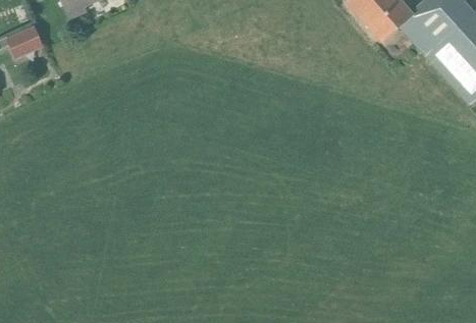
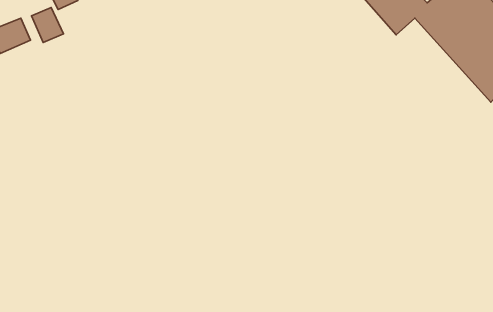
building: none -> [32,8,63,43]

